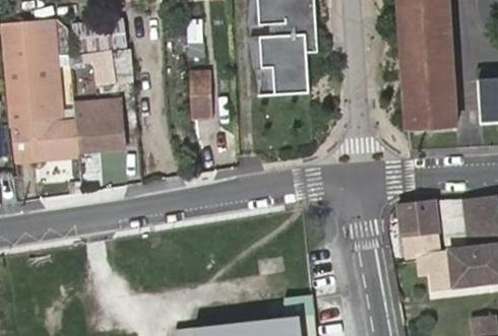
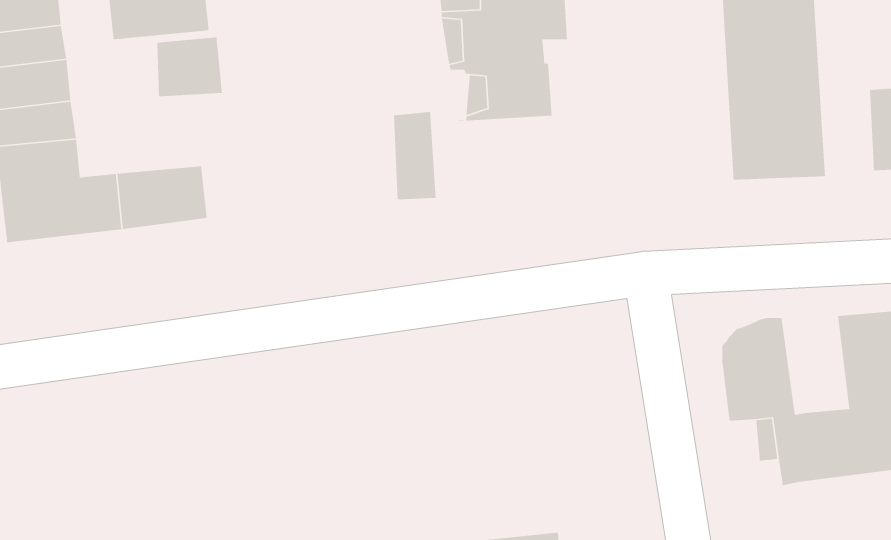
building: [187,80,210,128] -> [393,111,437,200]
building: [73,98,121,123] -> none
building: [439,199,468,251] -> none

